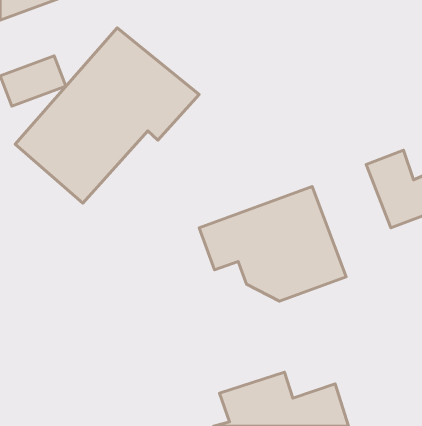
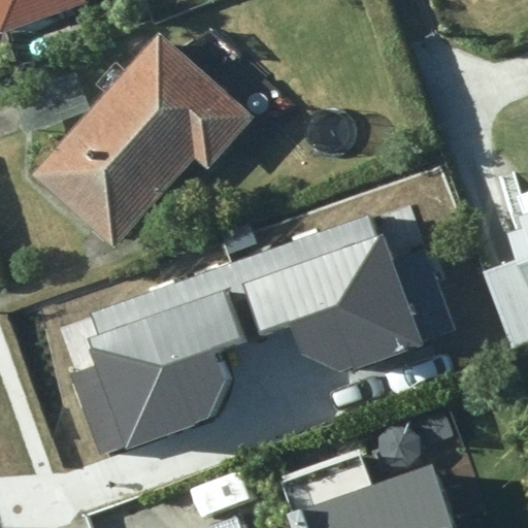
building: none -> [80,286,255,450]

